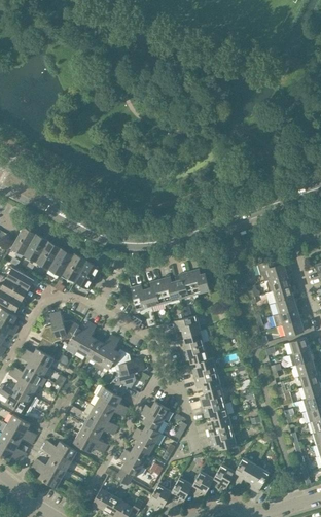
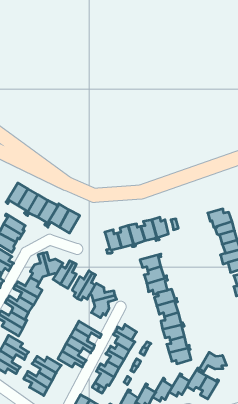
building: [96,385,129,413] -> none
building: none -> [199,352,227,372]

